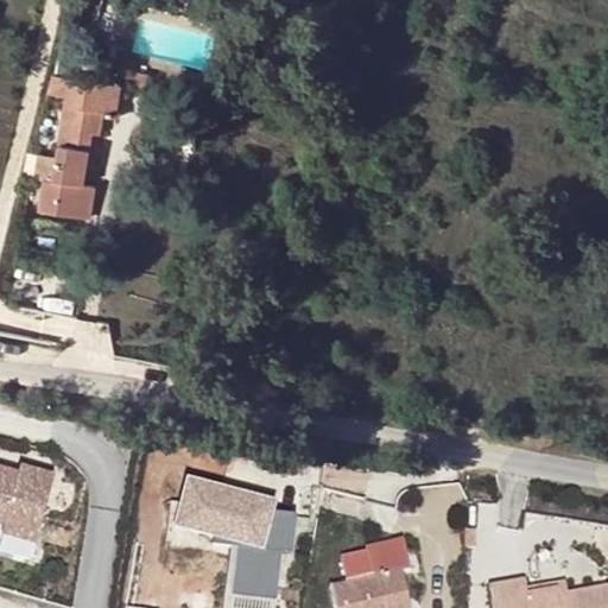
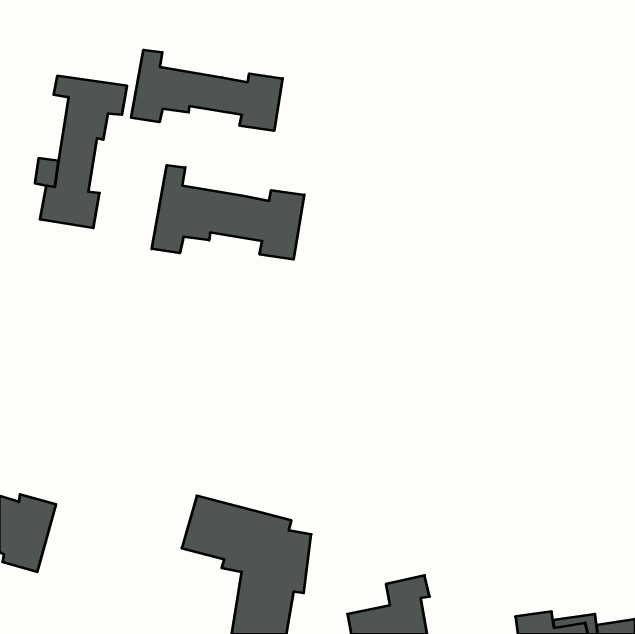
building: none -> [131,50,283,131]
building: none -> [152,165,304,259]

